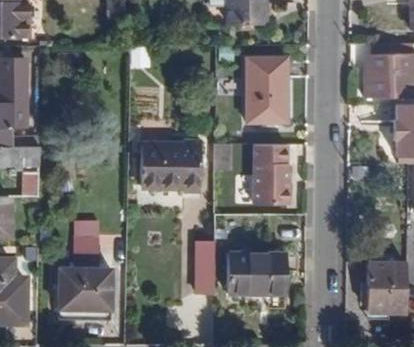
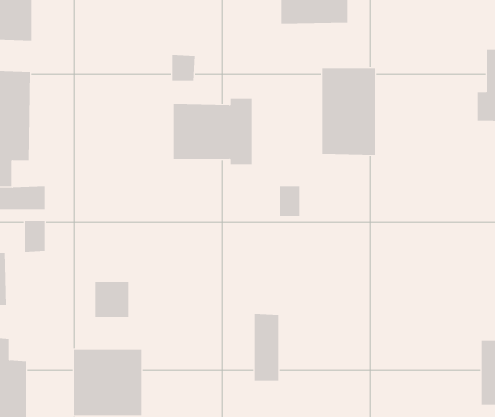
building: [140,142,200,192] -> [173,98,252,165]
building: [252,144,288,205] -> none
building: [226,254,285,295] -> none

